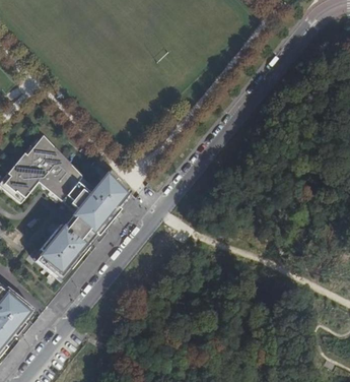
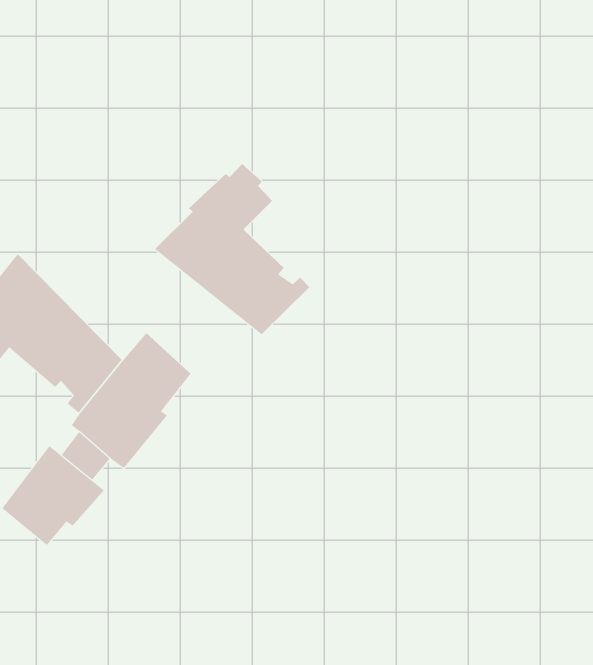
building: none -> [154,163,310,335]

